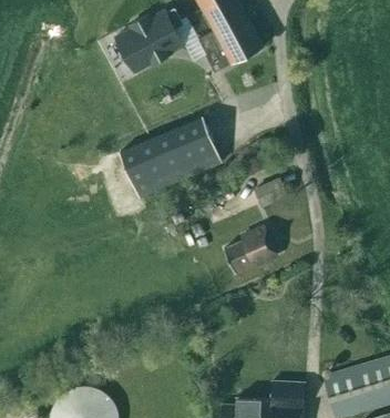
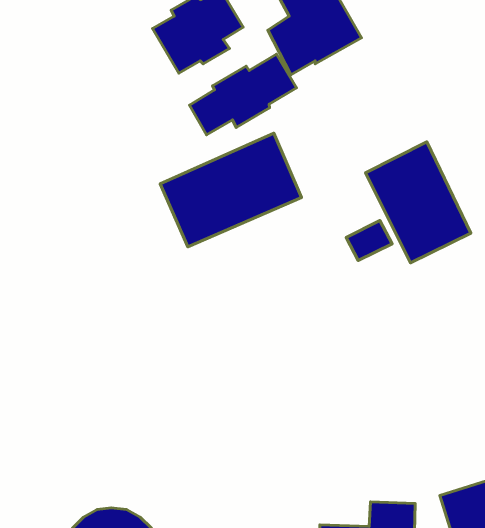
building: none -> [190,54,296,135]
building: none -> [365,142,471,263]
building: [225,226,279,275] -> none

